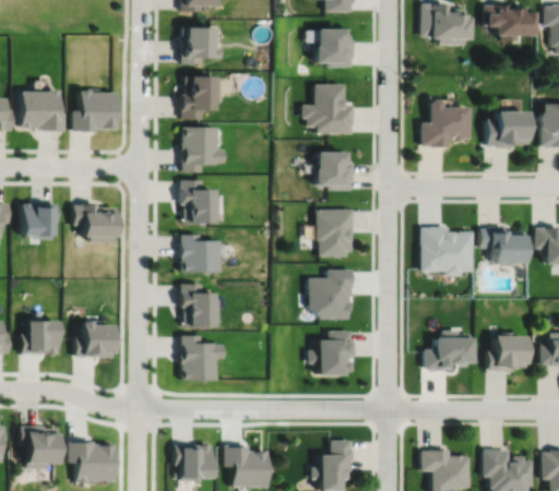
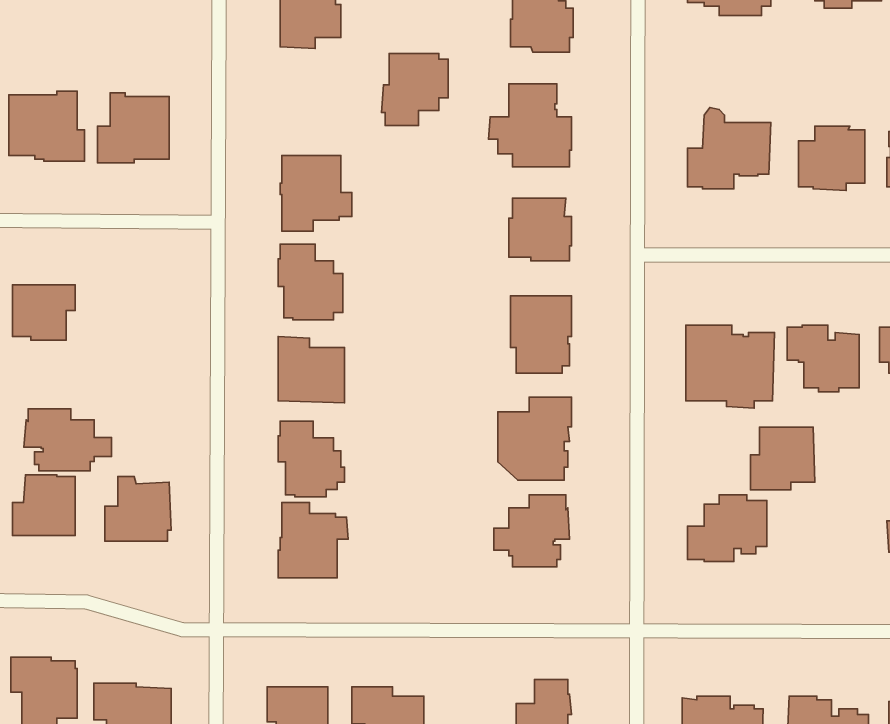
building: [180,76,219,119] -> [382,53,448,125]
building: [74,204,115,241] -> none
building: none -> [24,409,111,471]
building: [487,332,525,369] -> [750,427,815,490]

